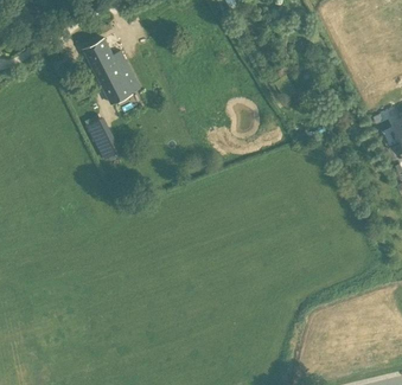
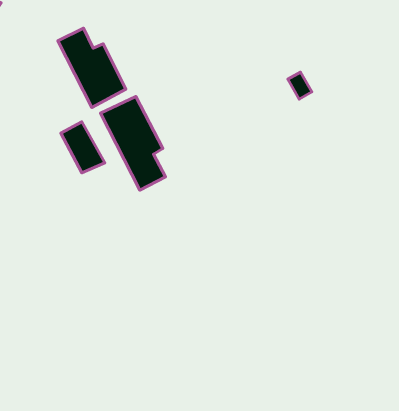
building: none -> [100,96,165,190]

